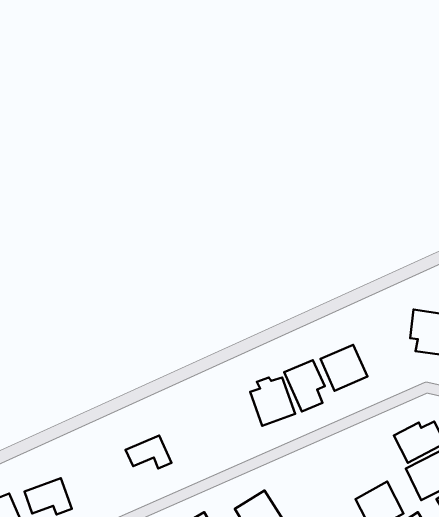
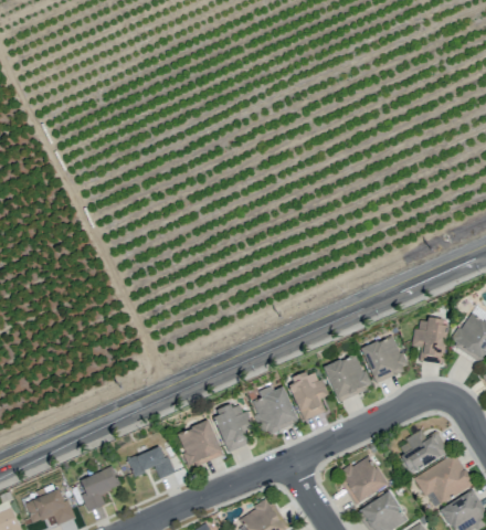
building: none -> [361,335,408,382]
building: none -> [212,401,251,452]
building: none -> [177,421,224,468]
building: none -> [337,455,388,505]
building: none -> [81,467,120,511]

